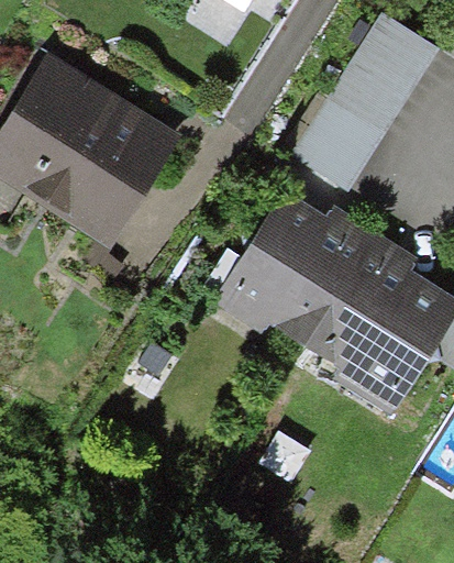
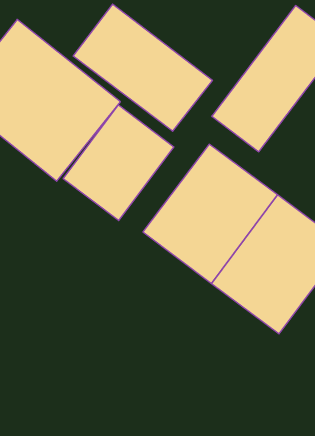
building: none -> [73,4,212,131]
building: none -> [63,105,174,221]

